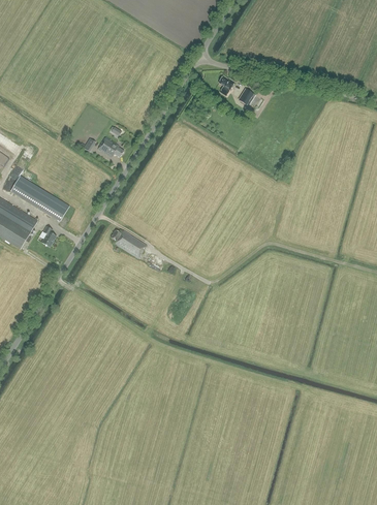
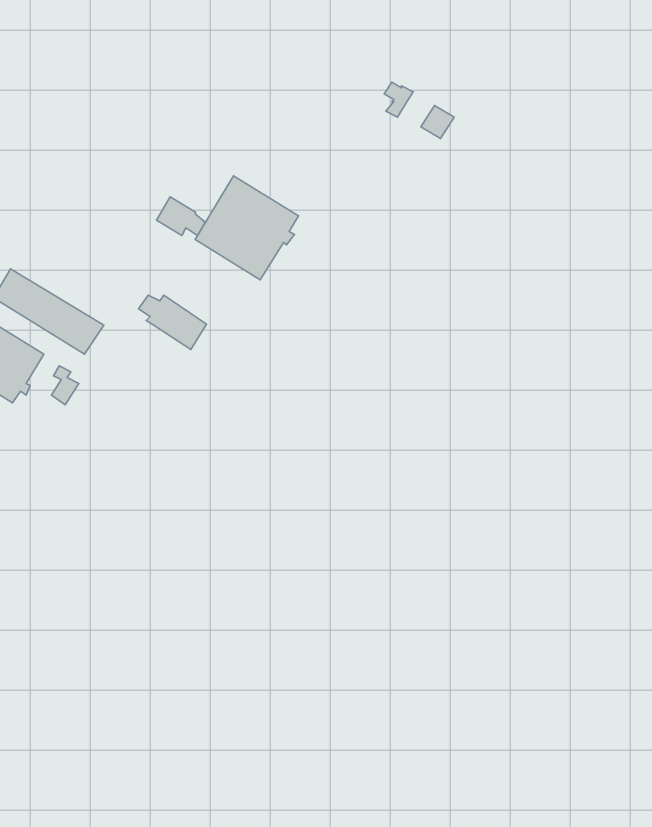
building: none -> [195,176,298,280]
building: [109,230,146,259] -> [138,295,206,350]

